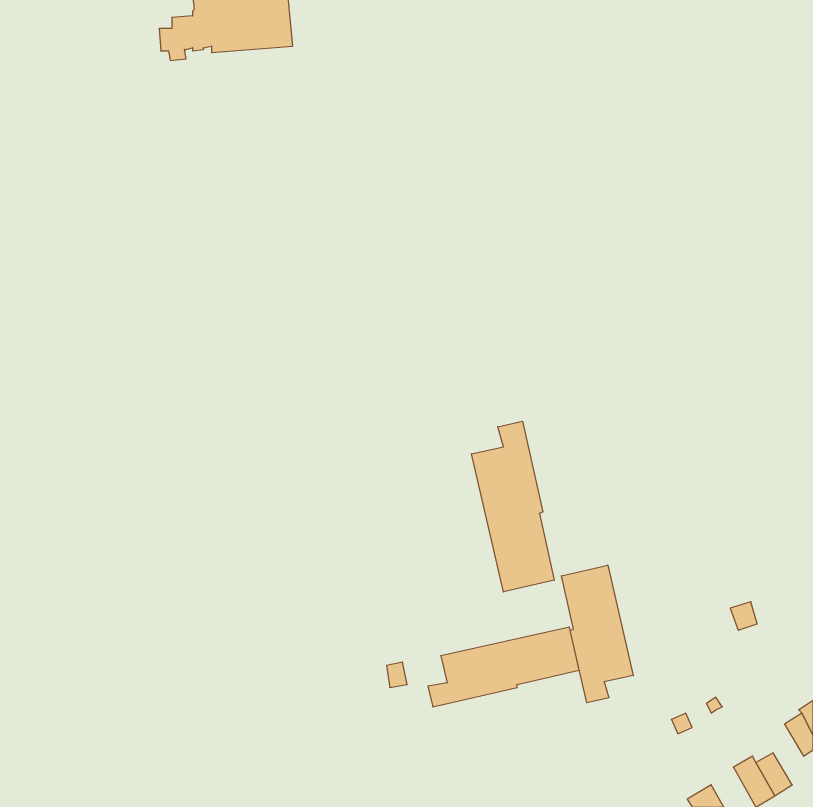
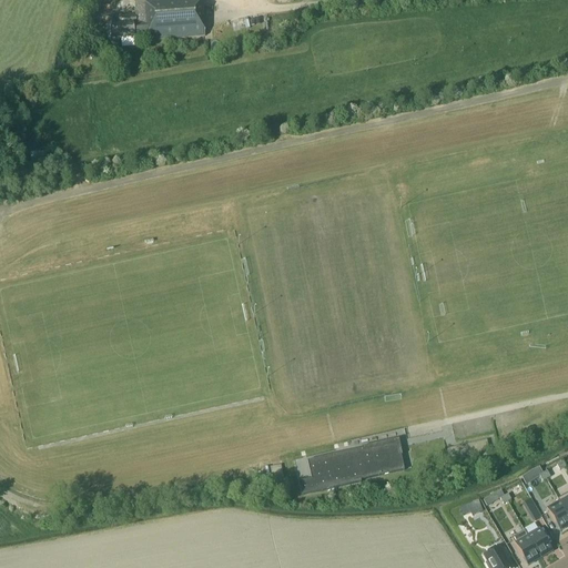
building: [471,421,554,592] -> none
building: [562,565,633,703] -> none

